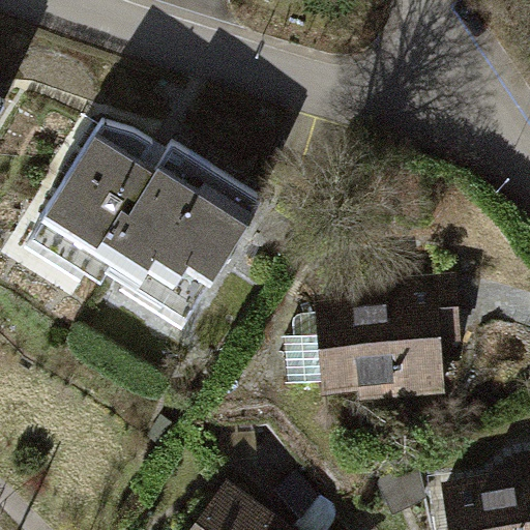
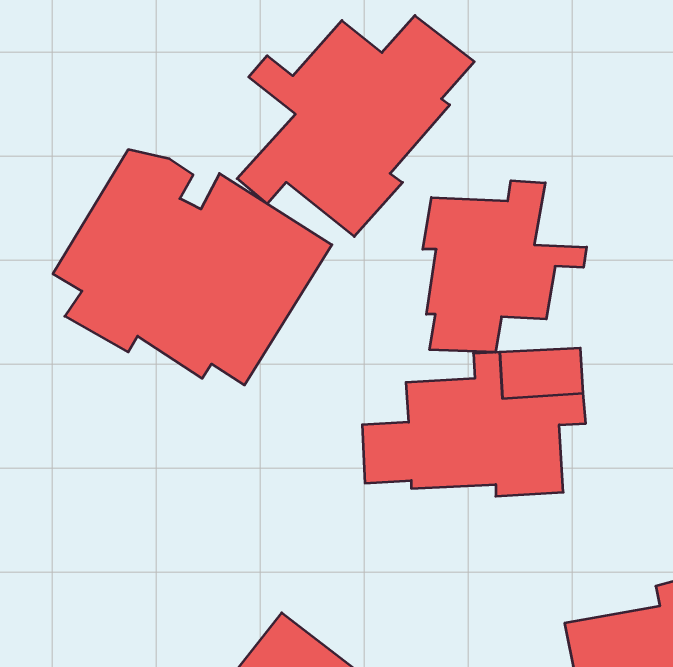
building: none -> [237,15,474,237]
building: none -> [423,181,587,352]

